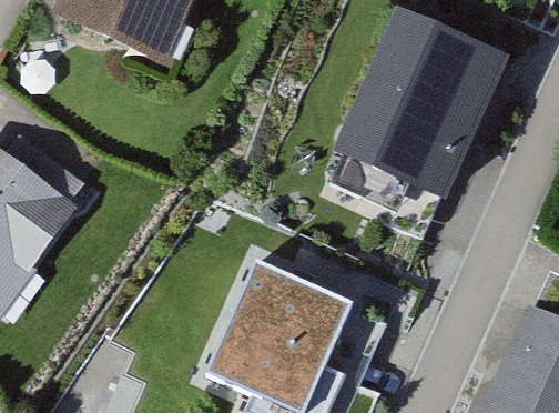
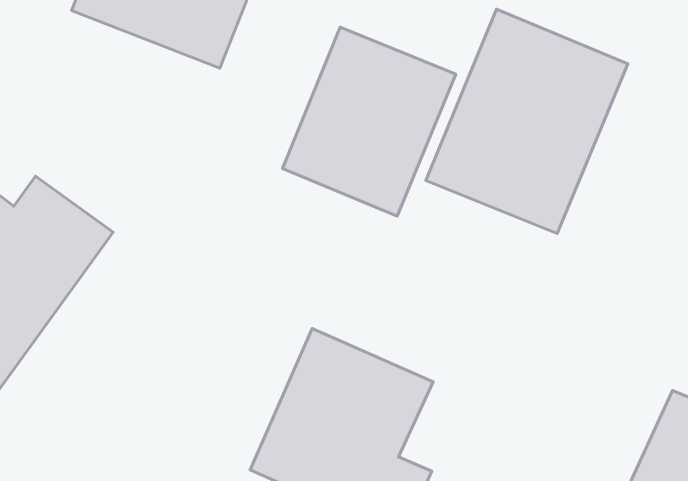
building: none -> [282,27,456,216]

